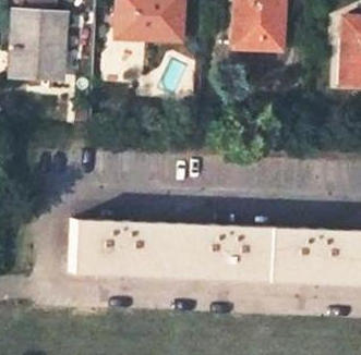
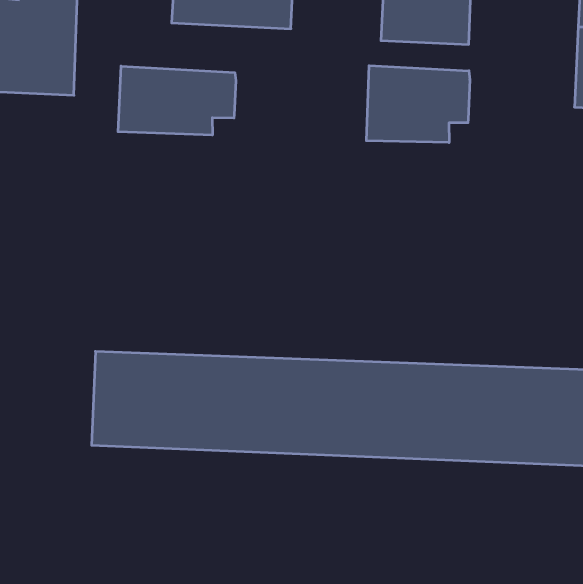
building: none -> [366,66,470,143]
building: none -> [118,66,236,135]

